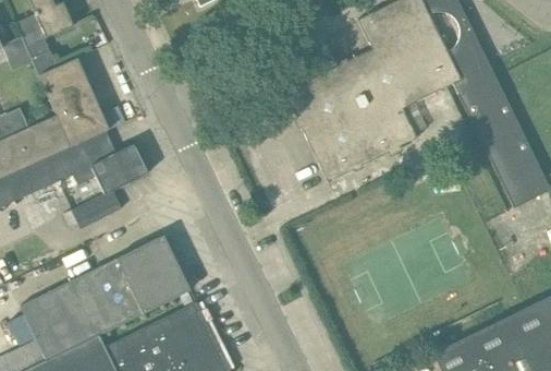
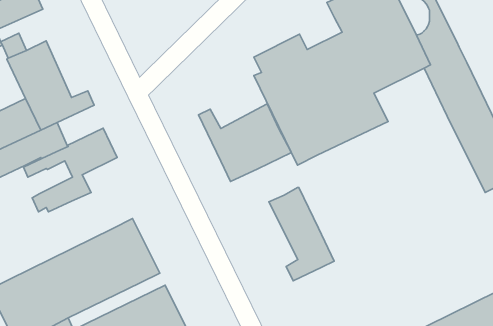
building: none -> [198,104,291,181]
building: none -> [269,187,334,281]

